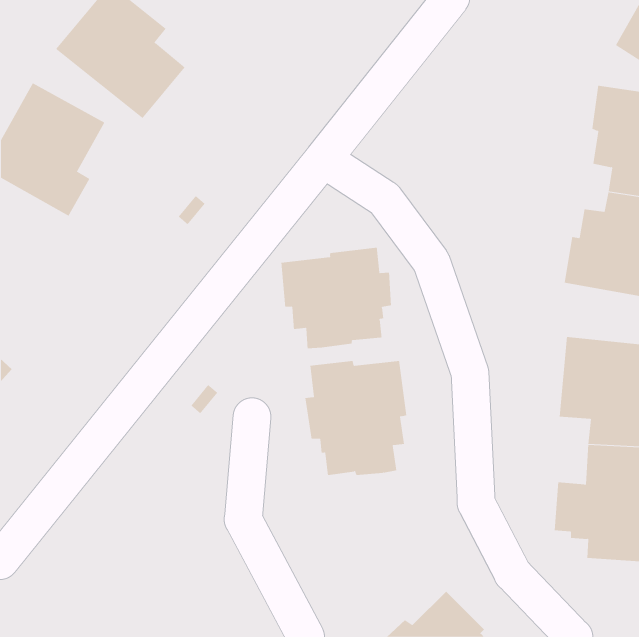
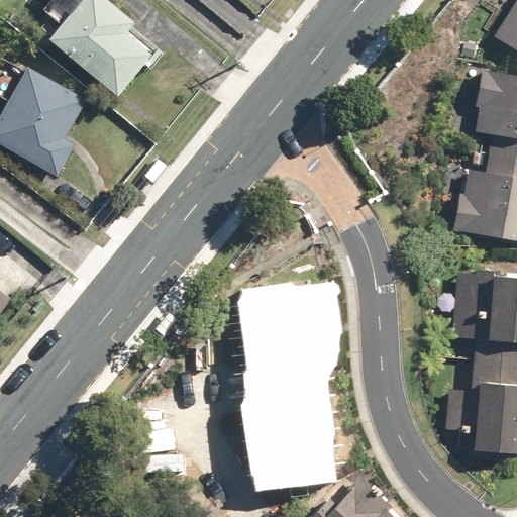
building: [281,247,392,349] -> none
building: none -> [249,381,330,482]

